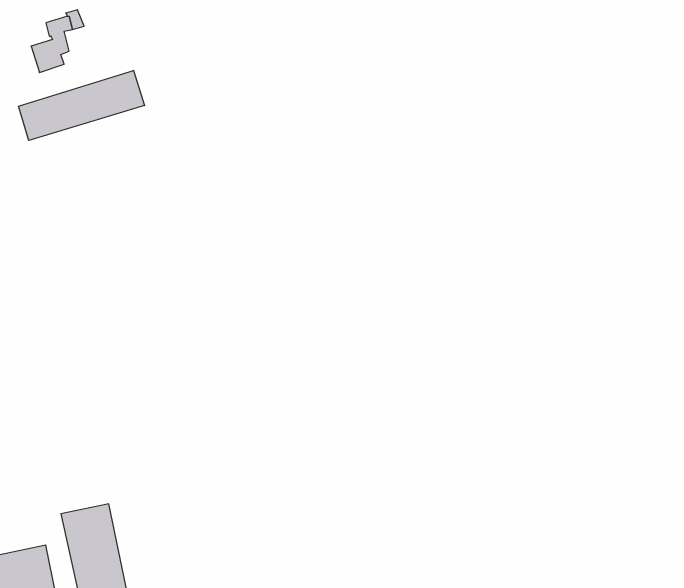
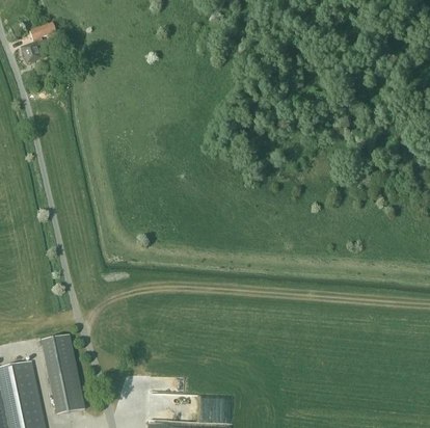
building: [19,70,145,140] -> none

